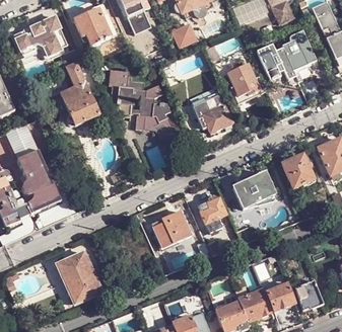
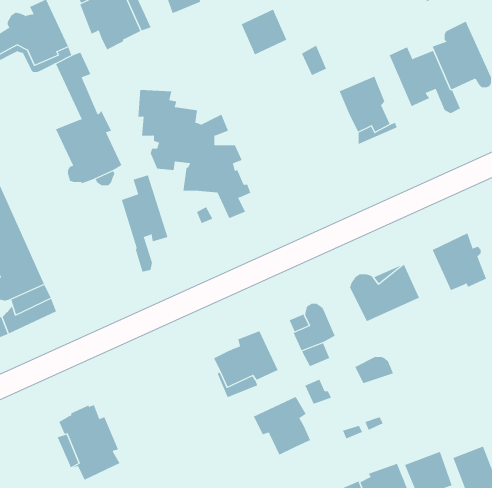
building: [193,94,233,132] -> none
building: none -> [121,175,168,273]
building: none -> [253,396,311,455]

